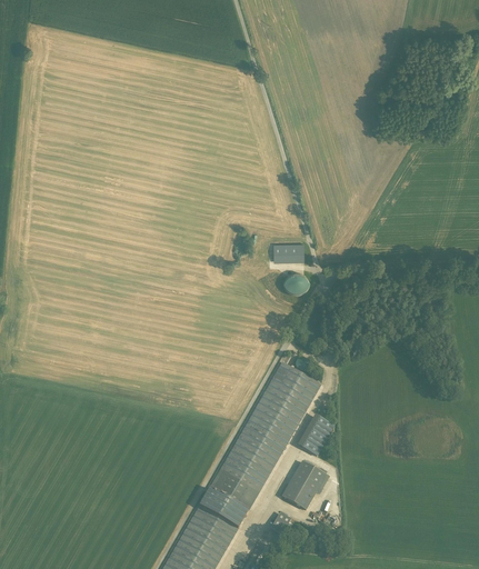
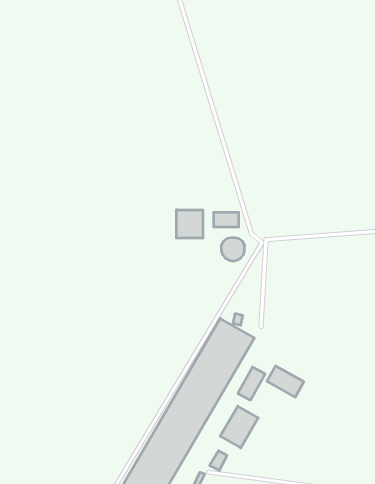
building: none -> [176,210,203,238]
building: none -> [267,366,304,397]

